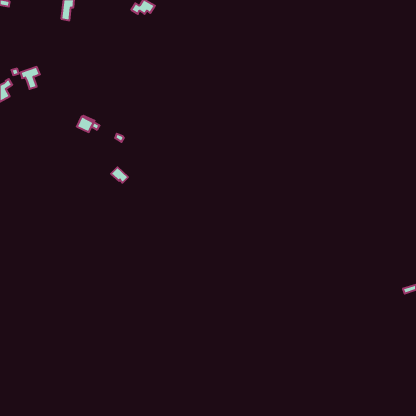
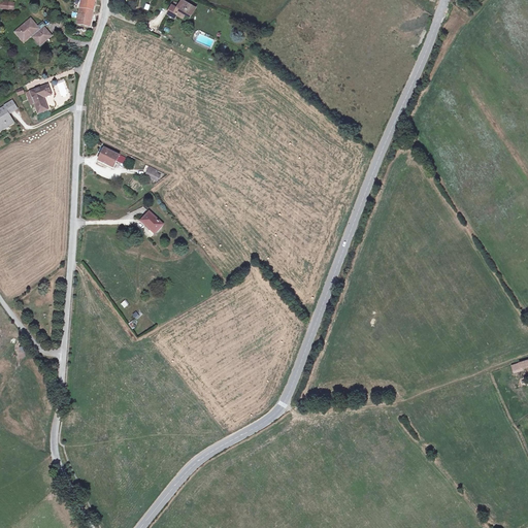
building: none -> [16,20,51,47]

